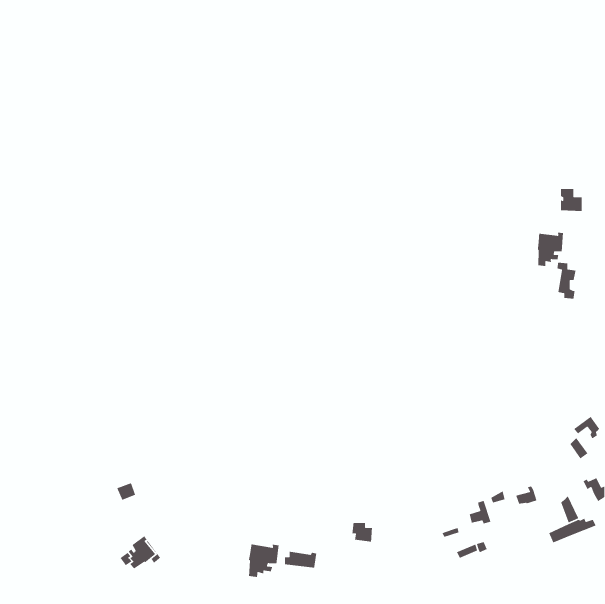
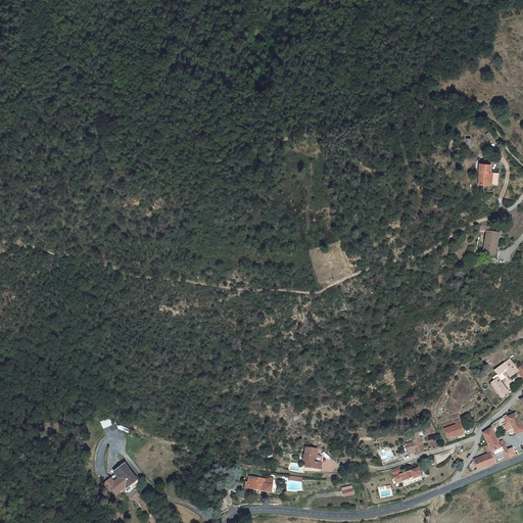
building: [537,232,564,267] -> none
building: [248,543,279,578] -> none

